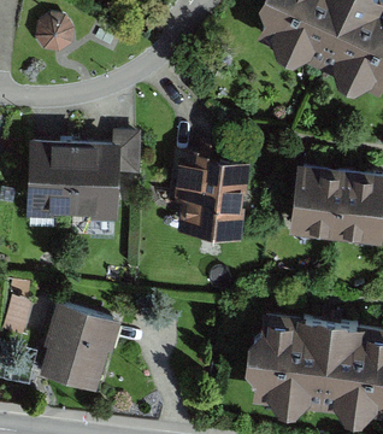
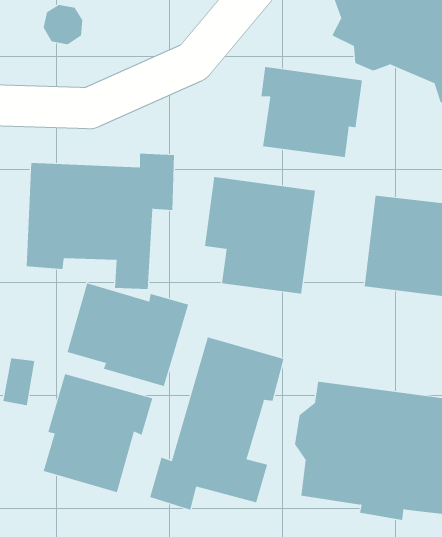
building: none -> [261,66,362,158]
building: none -> [67,282,189,387]
building: none -> [149,336,284,510]

